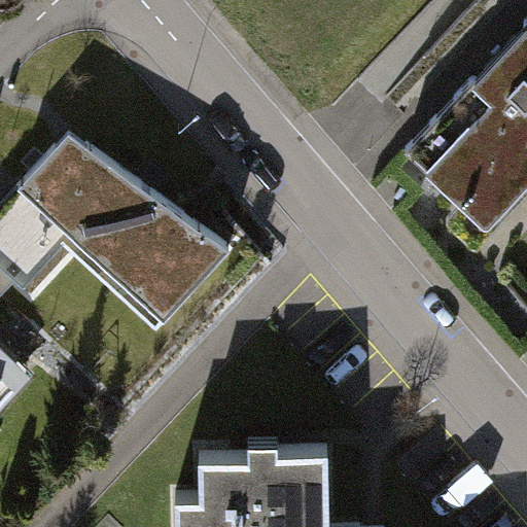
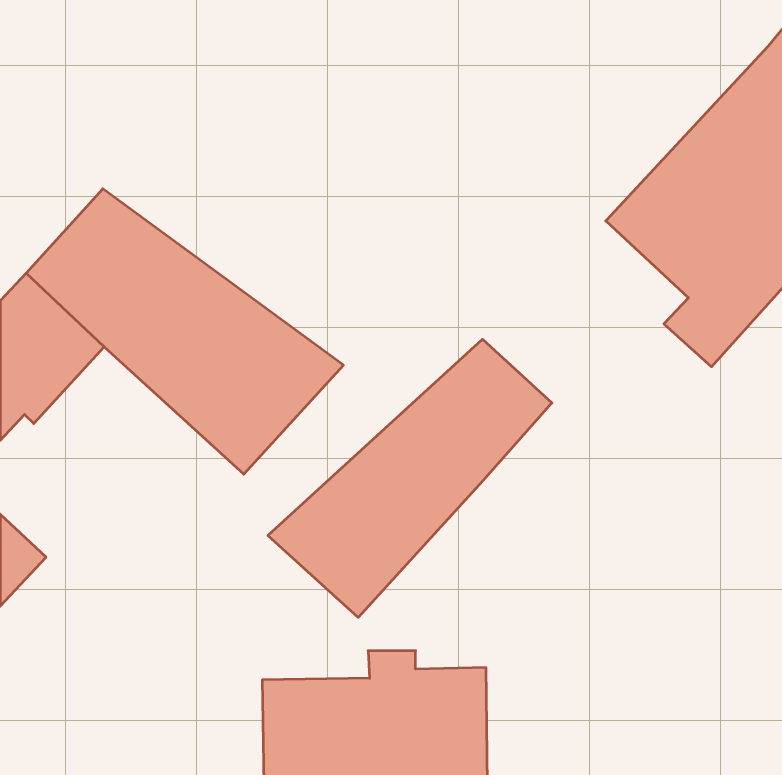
building: none -> [268,339,552,617]

